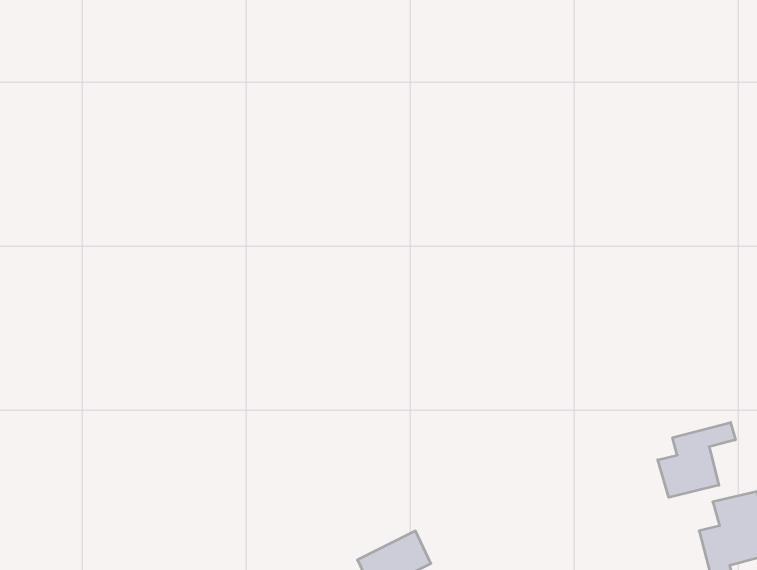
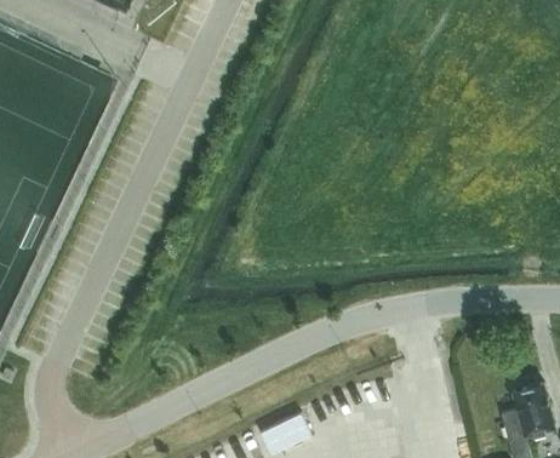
building: [658,422,735,497] -> none

